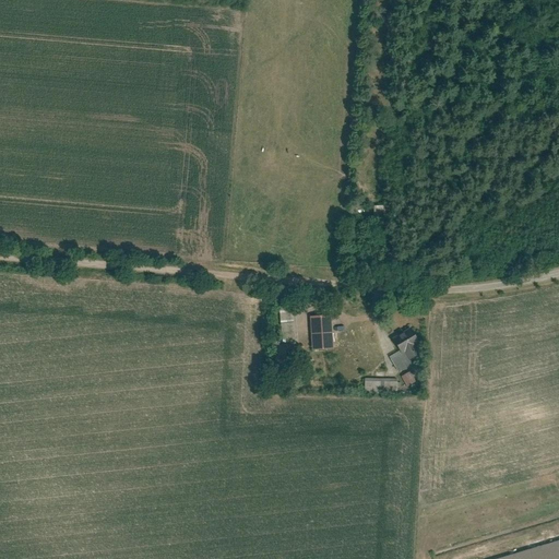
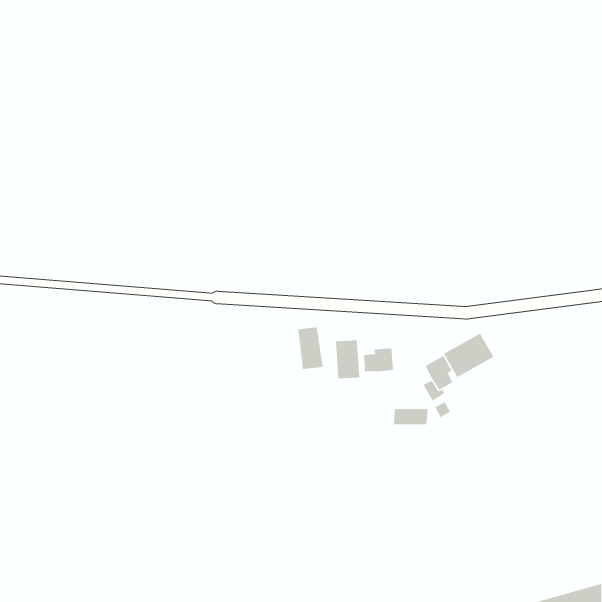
building: none -> [443,333,494,378]
building: none -> [363,347,393,372]

